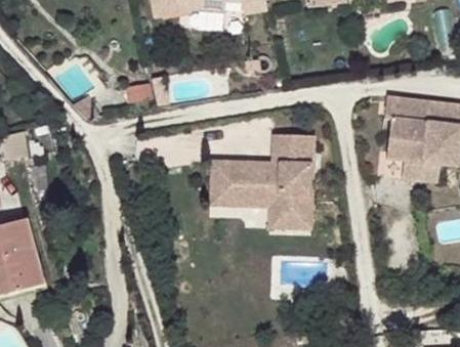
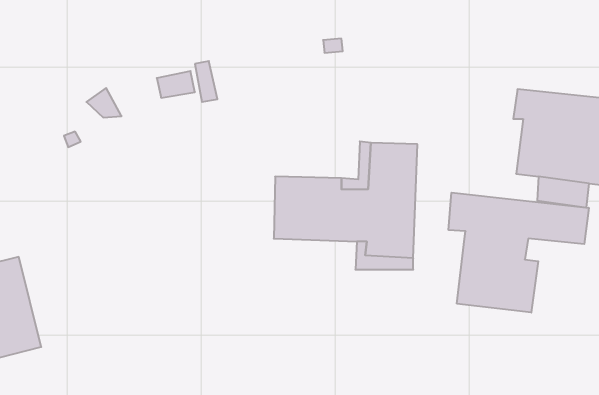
building: none -> [449,193,589,313]

